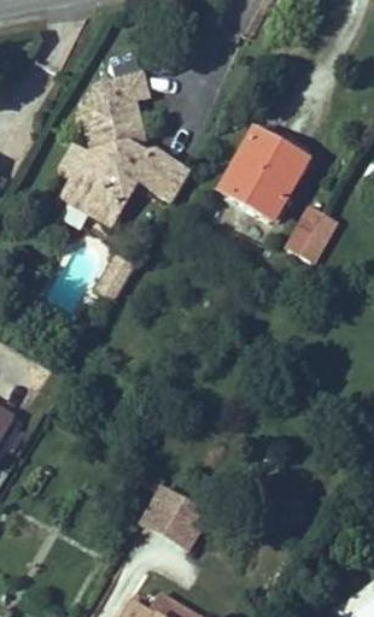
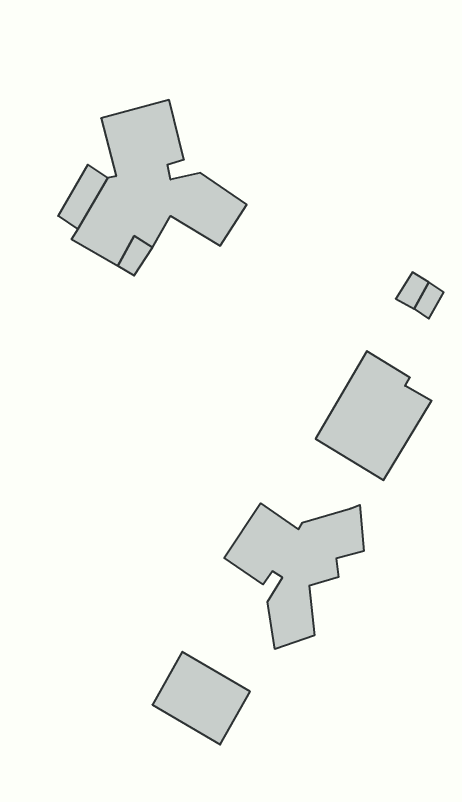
building: [224,131,309,225] -> [316,351,432,480]
building: none -> [224,503,364,649]

